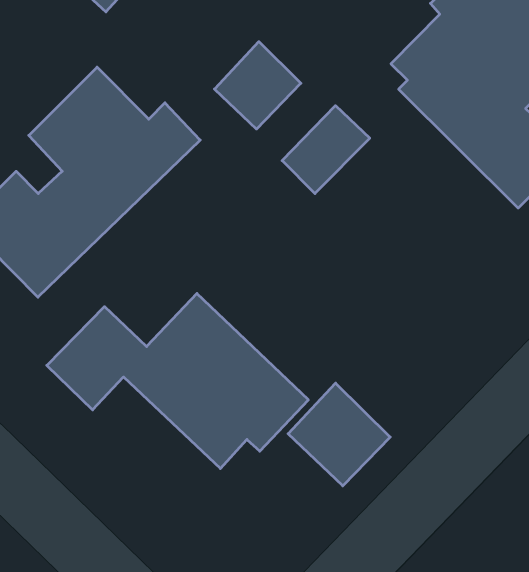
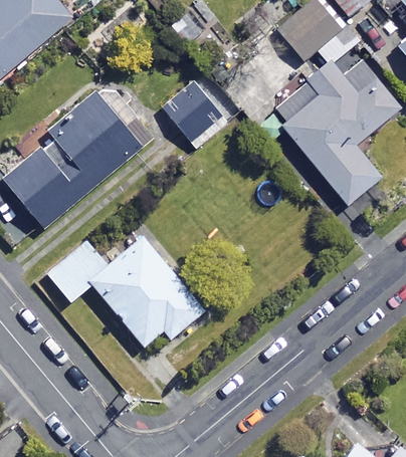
building: [282,106,370,194] -> none
building: [288,383,390,486] -> none

